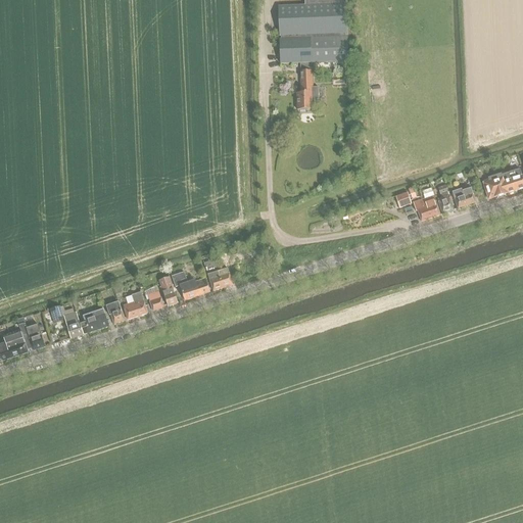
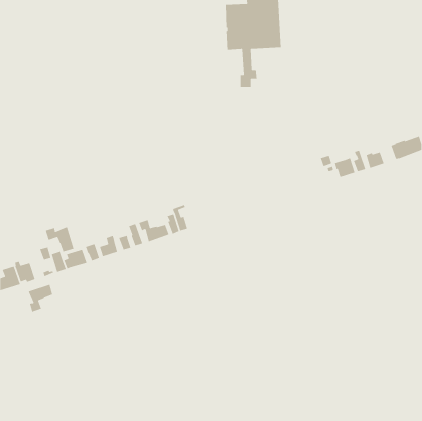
building: none -> [45,226,75,252]
building: none -> [28,284,53,313]

